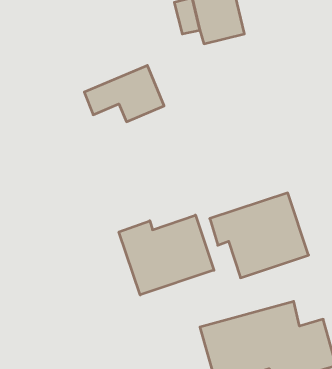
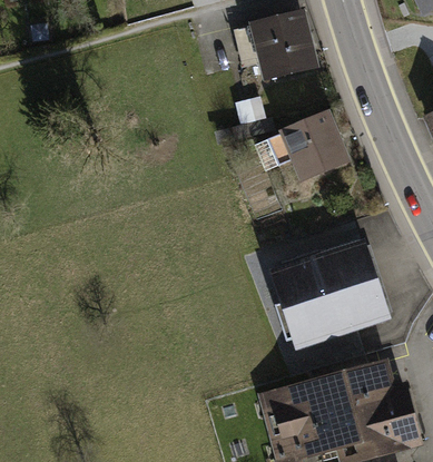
building: [84,65,164,122] -> [257,116,347,179]
building: [119,215,214,295] -> none

